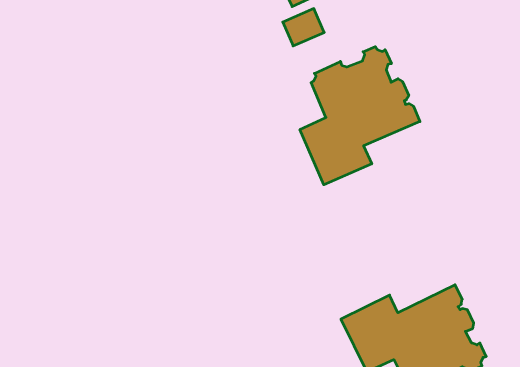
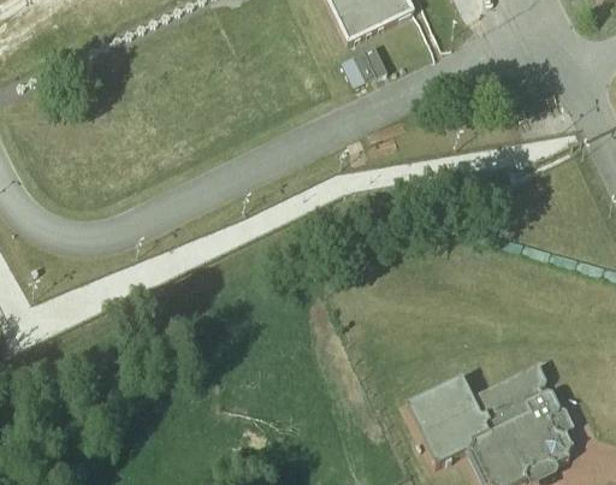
building: [300,47,420,185] -> none

